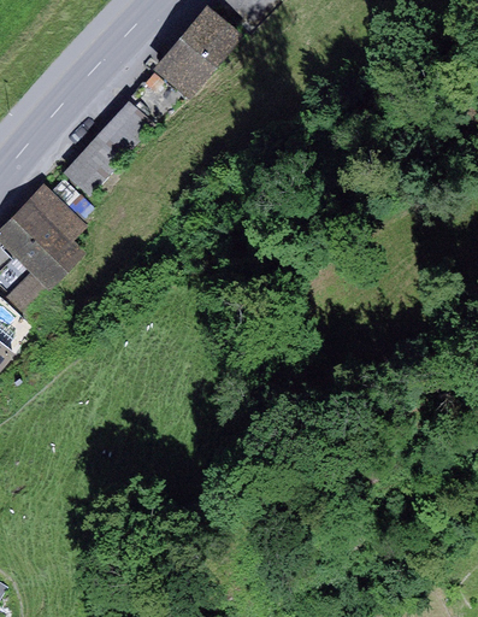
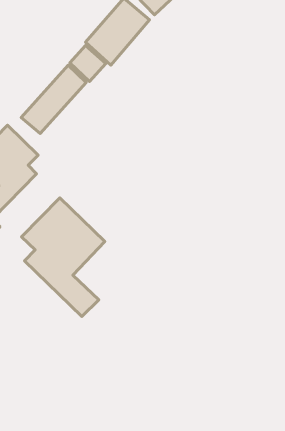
building: none -> [22,198,105,316]

